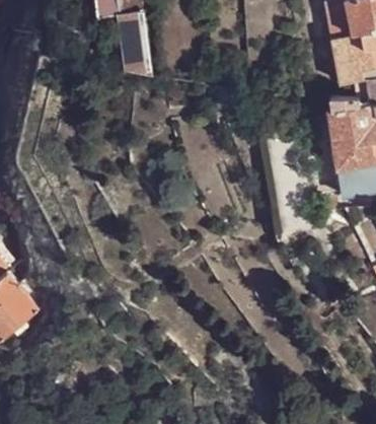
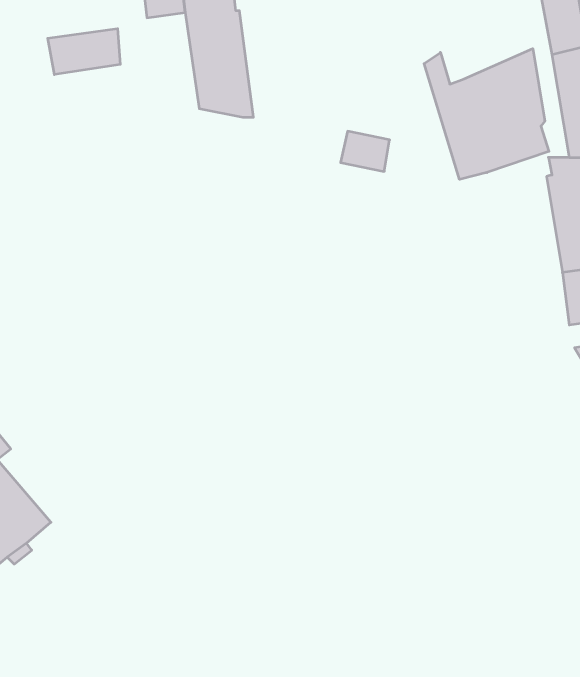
building: none -> [48,29,120,75]
building: none -> [424,49,549,179]

